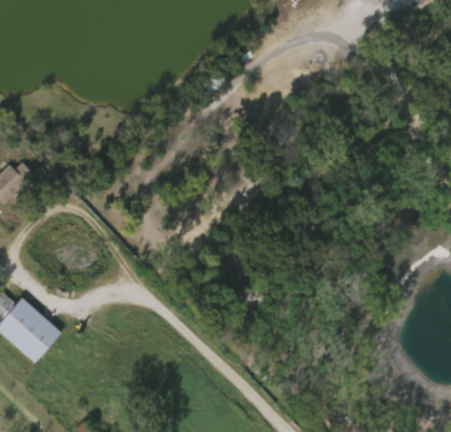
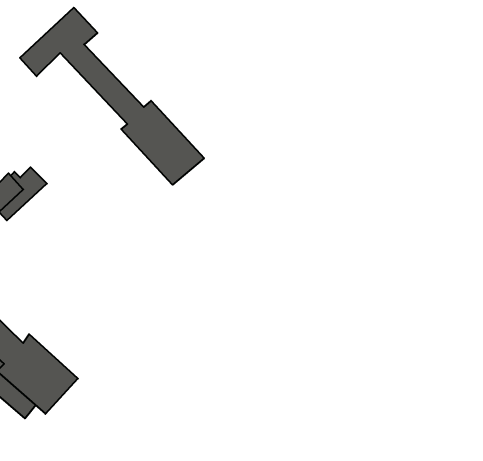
building: none -> [20,8,204,185]

